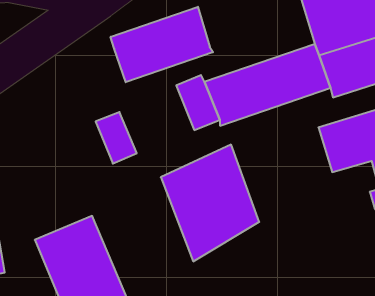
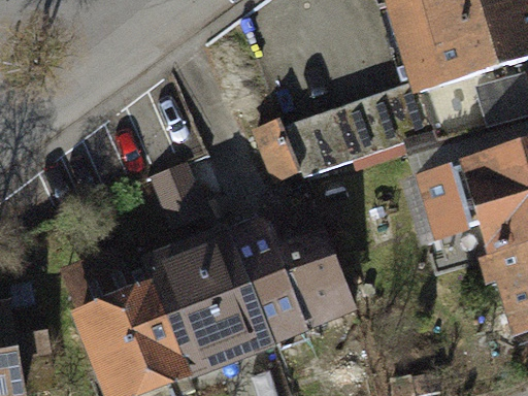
building: [111,7,213,82] -> none
building: none -> [140,230,268,373]

